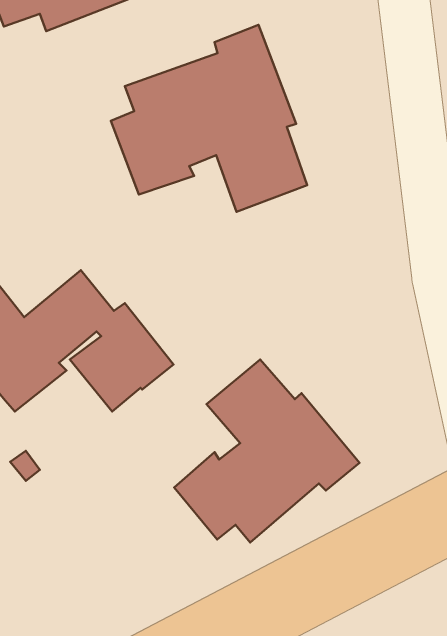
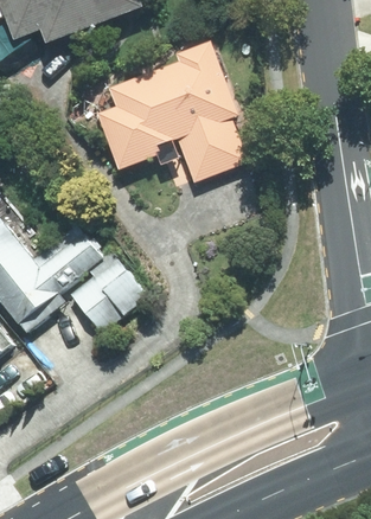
building: [174,360,359,543] -> none

